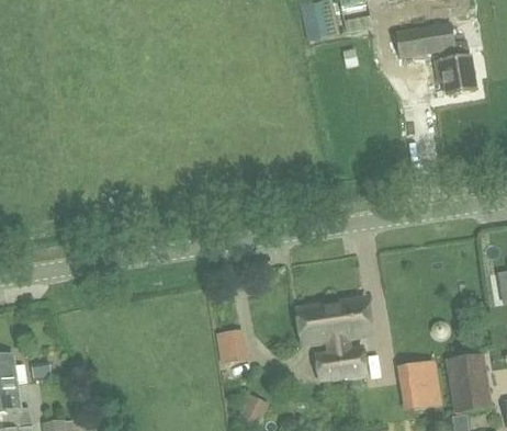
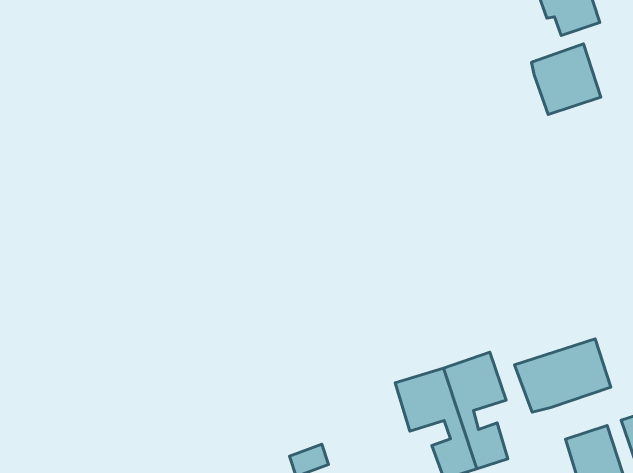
building: none -> [532,44,601,114]
building: none -> [515,339,611,412]

